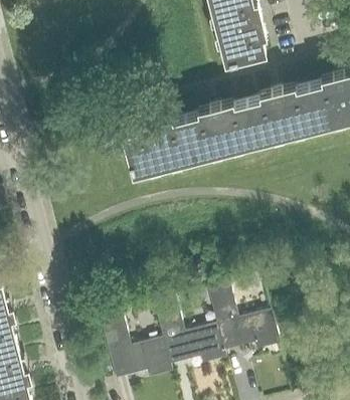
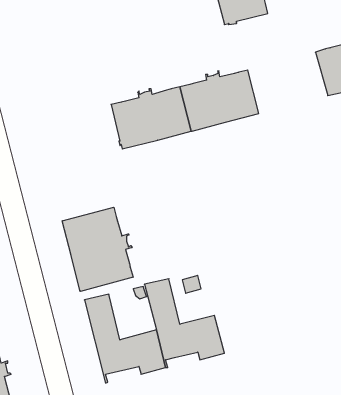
building: [245,86,318,142] -> none
building: none -> [62,207,133,291]
building: [205,277,278,359] -> none

